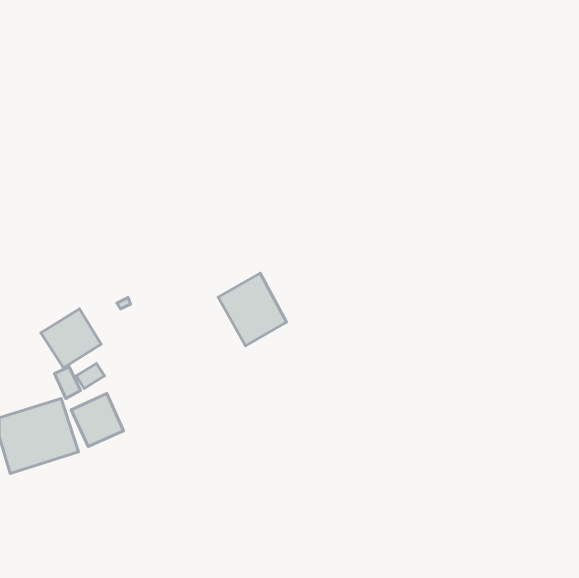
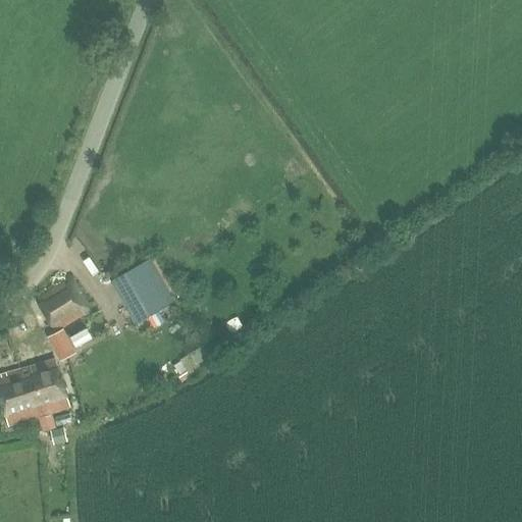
building: [218,273,286,346] -> [112,260,173,325]
building: [71,393,123,447] -> none

